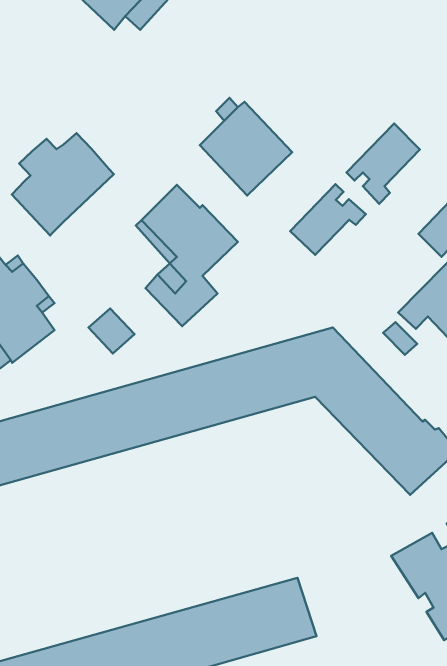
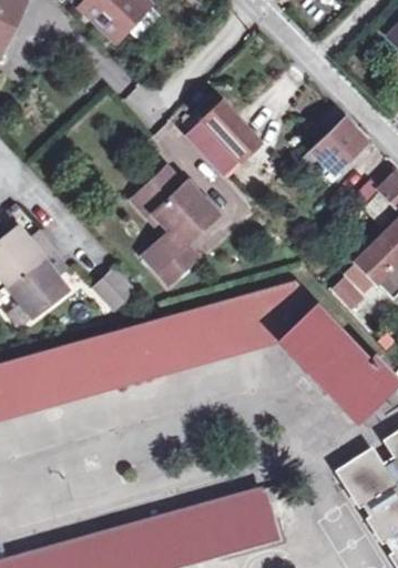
building: [12,133,114,236] -> none
building: [290,184,366,255] -> none

